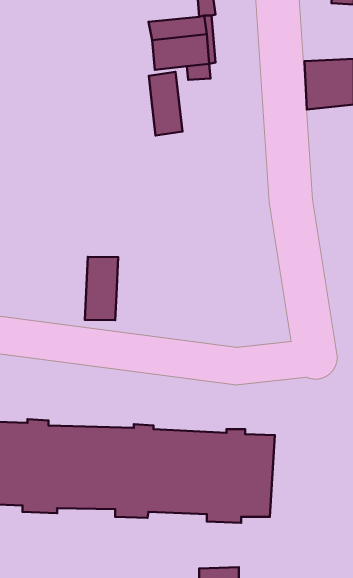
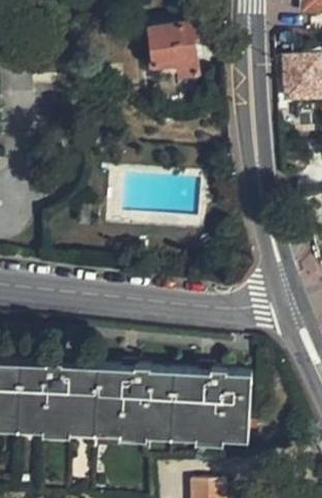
building: [149,72,182,135] -> none
building: [85,257,118,320] -> none

